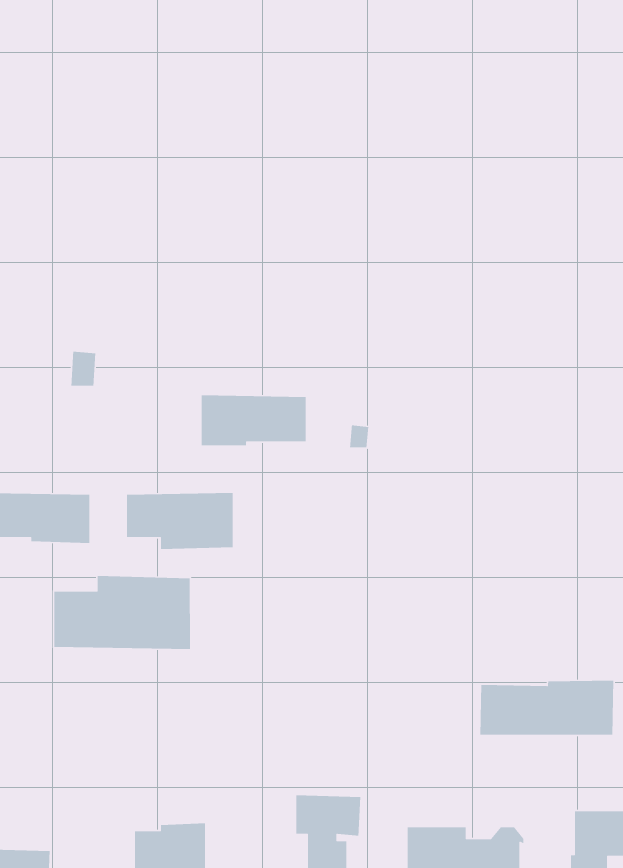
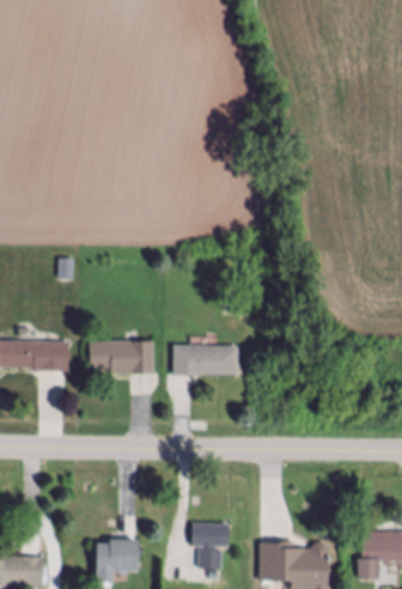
building: [201,394,306,446] -> [173,345,237,376]
building: [54,575,191,650] -> none
building: [480,680,614,736] -> none

